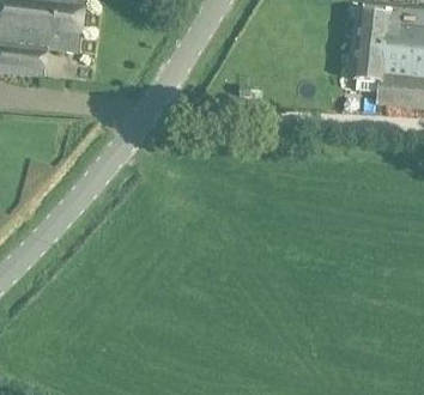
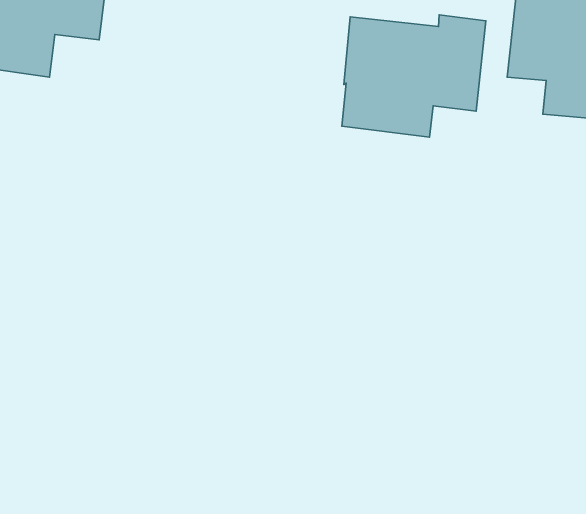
building: none -> [342,15,486,137]

